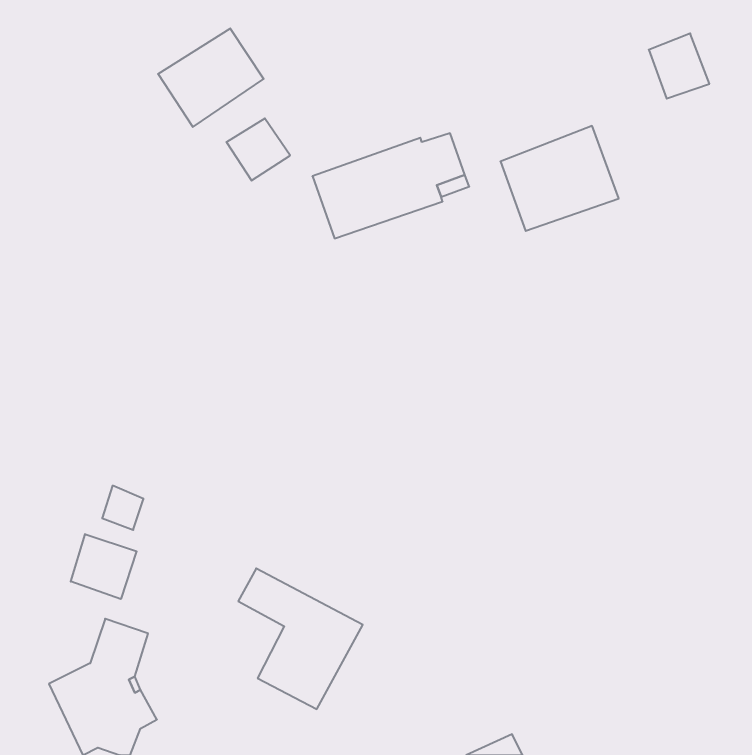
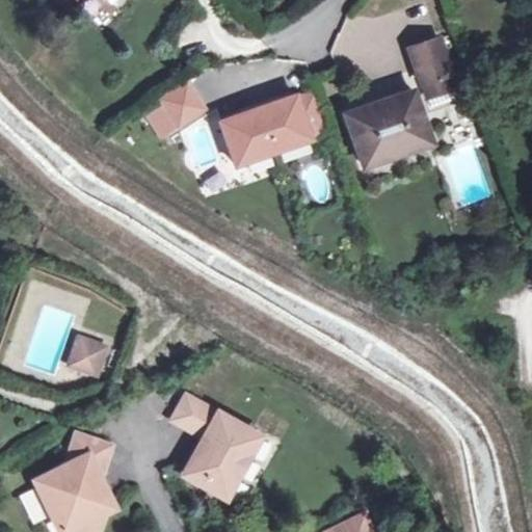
building: [158,28,264,127] -> none
building: [649,33,709,99] -> [411,34,454,80]
building: [71,534,137,599] -> none

